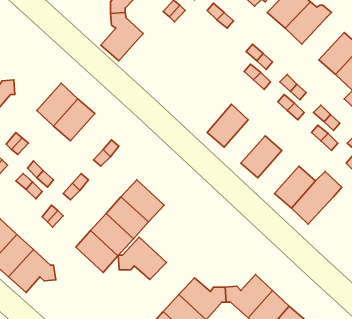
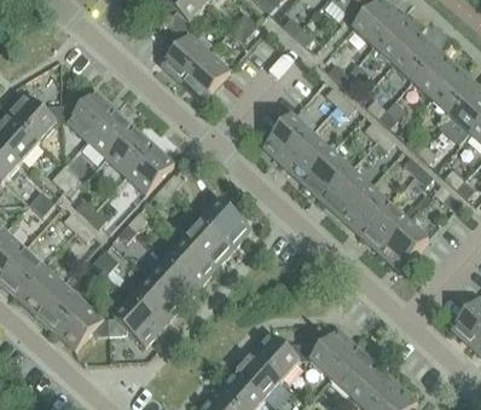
building: none -> [392,33,440,82]
building: none -> [181,52,230,102]
building: none -> [60,91,115,140]
building: none -> [262,115,311,166]
building: none -> [126,144,174,194]
building: none -> [302,151,349,201]
building: none -> [341,186,388,236]
building: none -> [202,201,251,249]
building: [118,237,167,279] -> [108,298,163,346]

